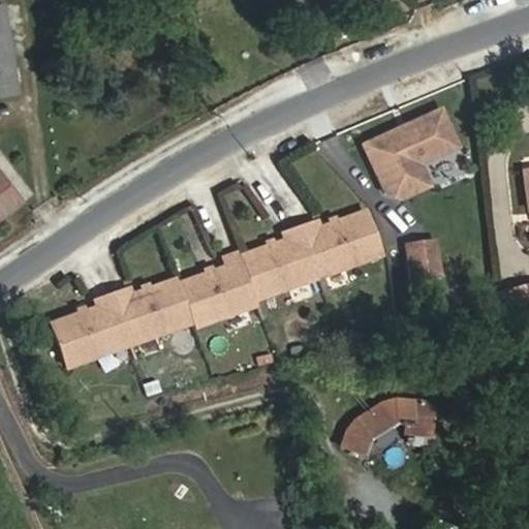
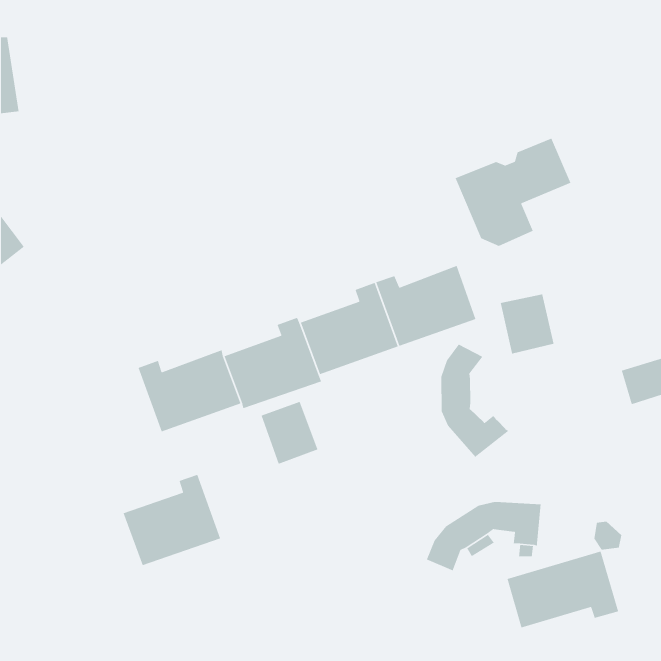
building: none -> [441,343,510,458]
building: [52,292,130,366] -> [123,474,221,566]
building: none -> [260,401,319,465]
building: none -> [506,551,619,629]

